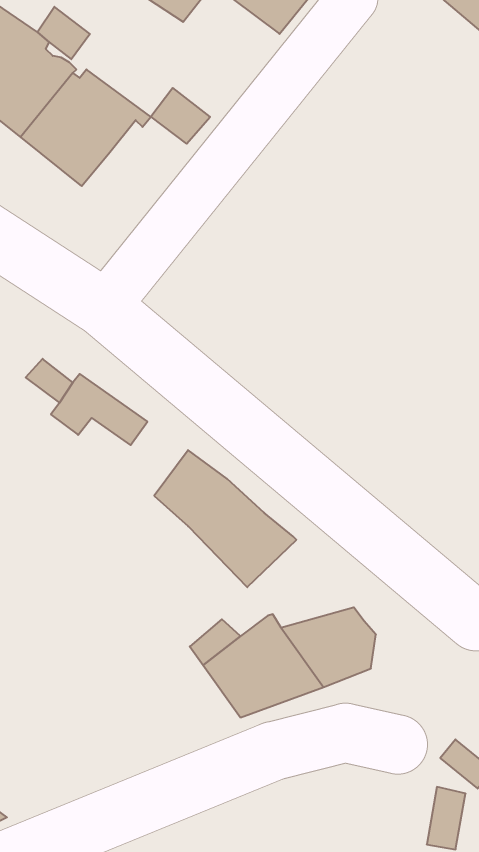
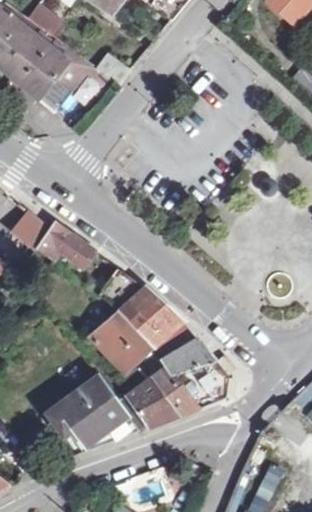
building: none -> [87,313,151,373]
building: none -> [161,340,214,373]
building: none -> [46,375,137,452]

